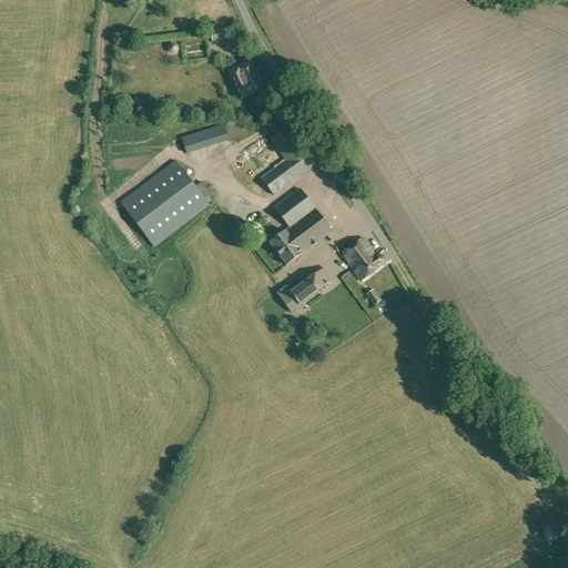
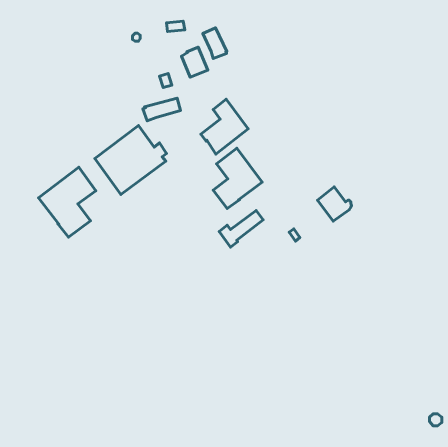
building: none -> [203,28,227,59]
building: none -> [39,167,96,237]
building: [341,236,384,280] -> [317,187,352,221]

